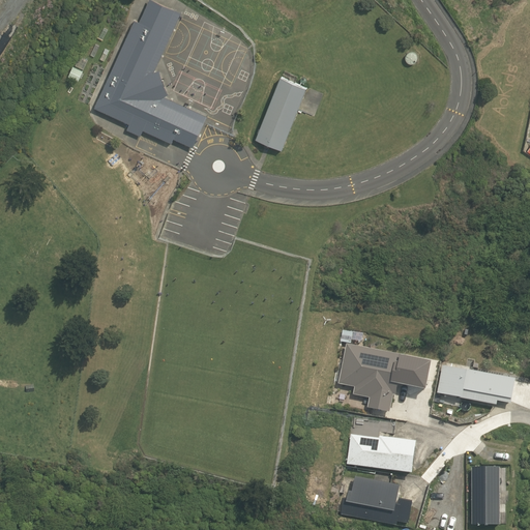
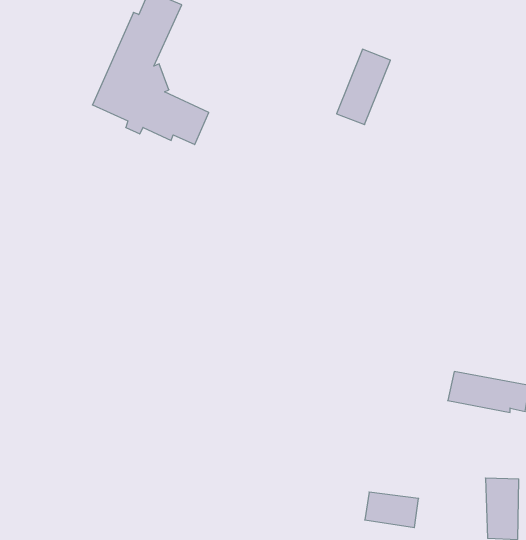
building: [254,76,305,148] -> [337,49,390,125]
building: [336,344,431,411] -> none
building: [349,437,416,473] -> none

